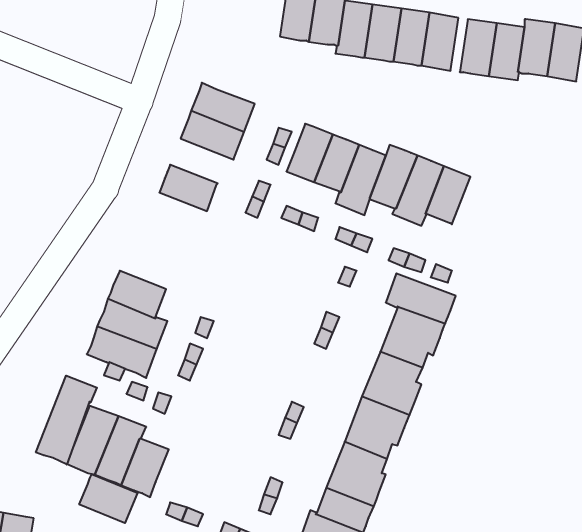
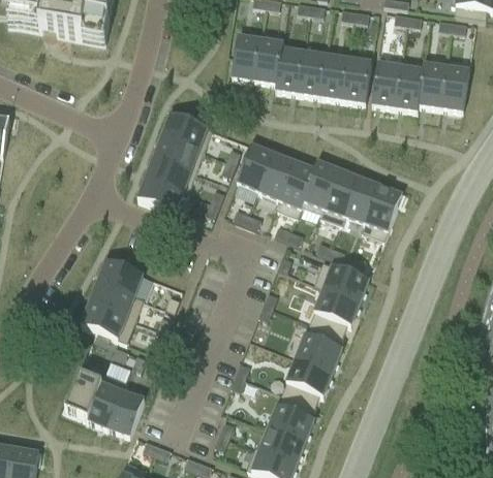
building: none -> [145,156,194,193]
building: none -> [361,186,401,241]
building: [36,376,97,465] -> none
building: [79,474,138,523] -> none

